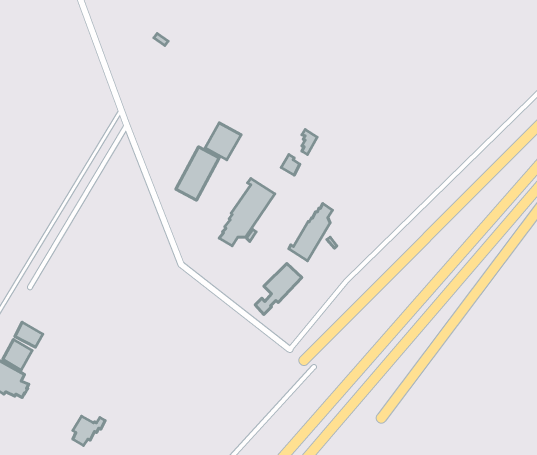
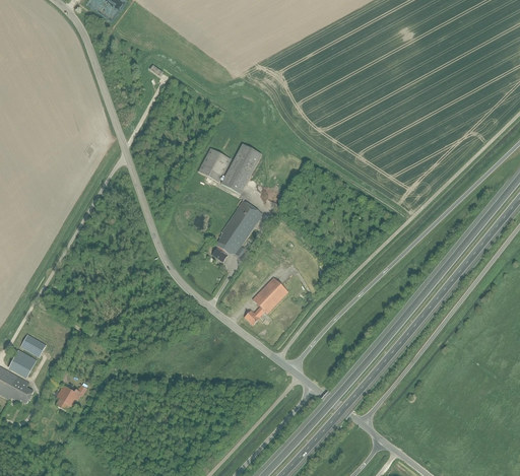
building: [176,147,219,200] -> [220,143,261,193]
building: [289,203,332,261] -> none
building: [73,416,105,446] -> [55,385,85,412]

